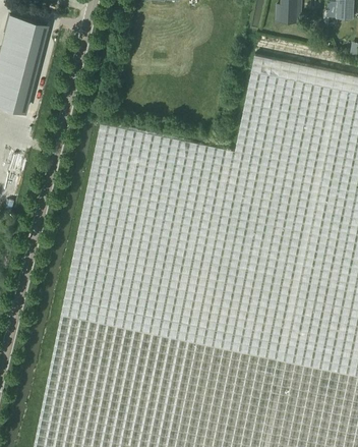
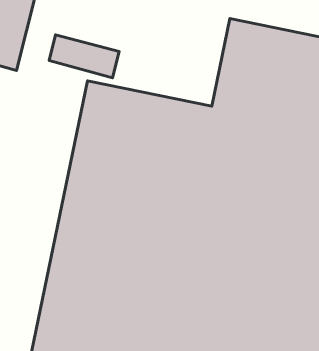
building: none -> [49,35,119,78]

